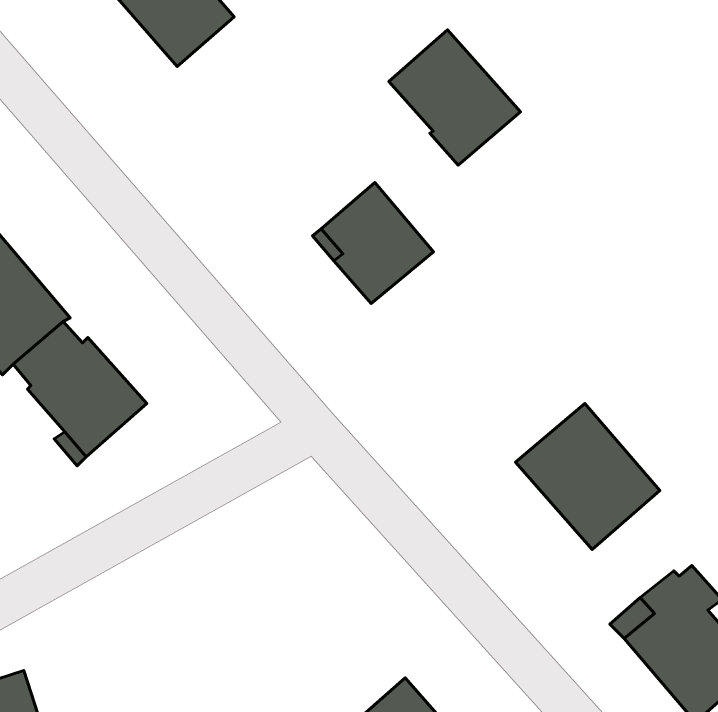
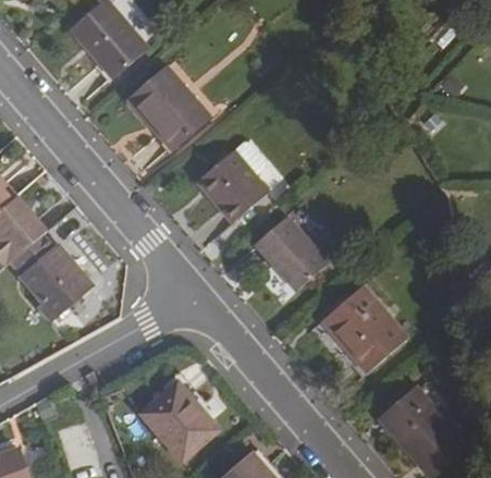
building: [389,30,521,165] -> [130,68,210,150]
building: none -> [253,215,328,292]
building: none -> [139,381,218,461]

